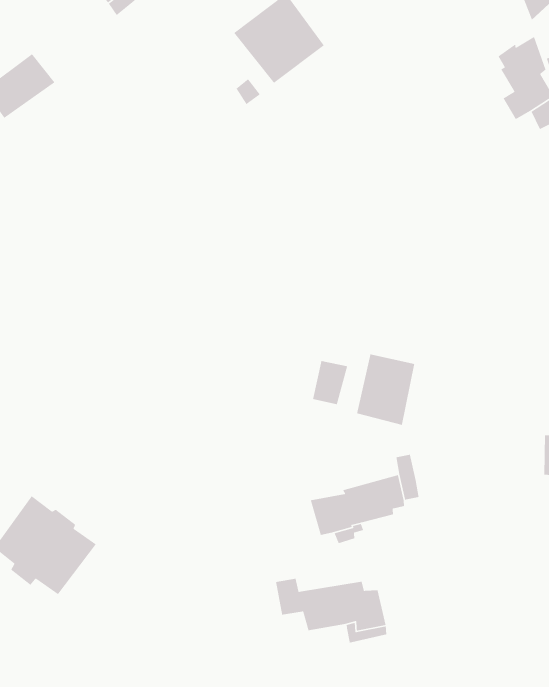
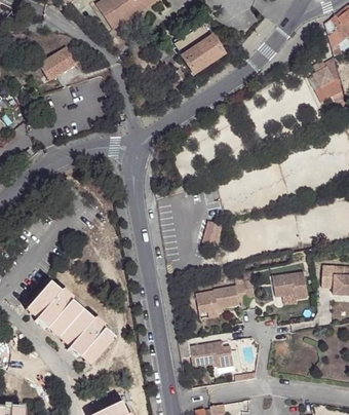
building: [356,353,415,426] -> none
building: none -> [274,274,308,302]
building: none -> [59,309,113,363]

